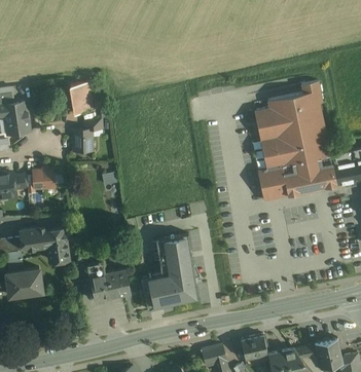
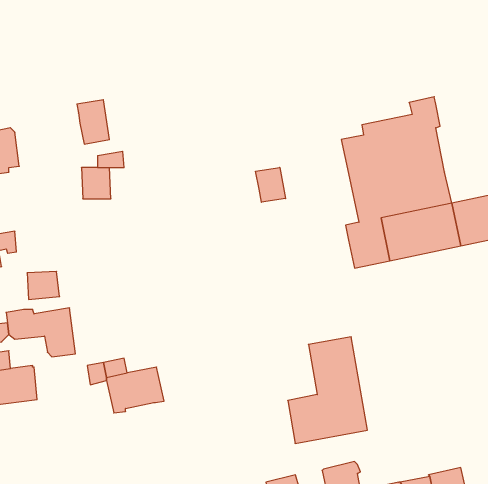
building: none -> [256,167,286,202]
building: [33,170,56,189] -> [27,271,60,299]
building: [143,234,198,308] -> [288,337,367,443]

